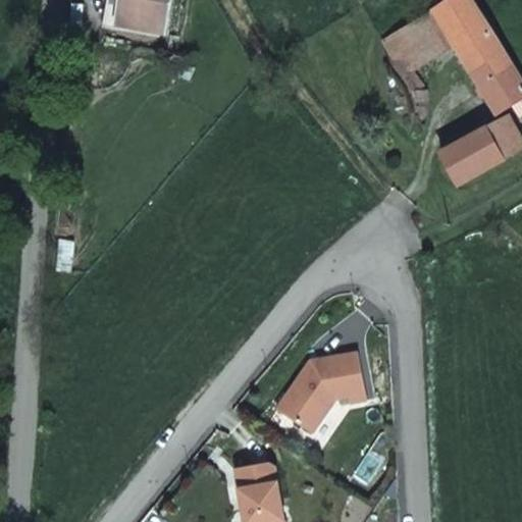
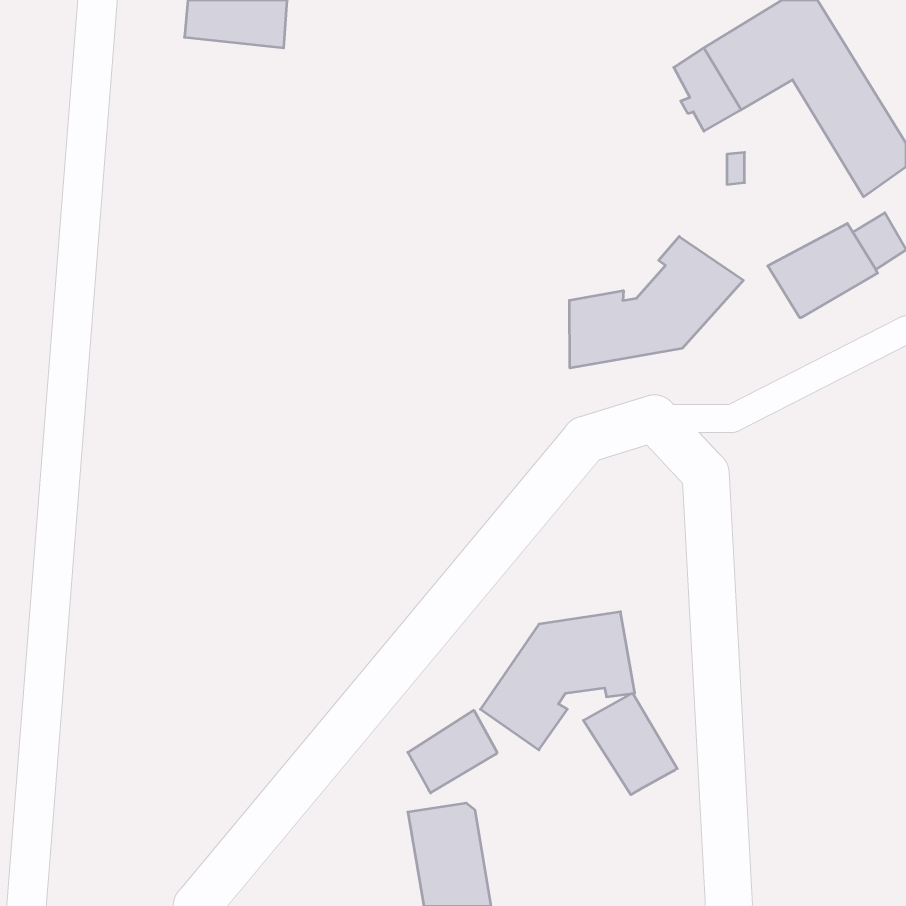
building: none -> [569,236,743,368]
building: none -> [583,694,677,795]
building: none -> [408,710,497,793]

